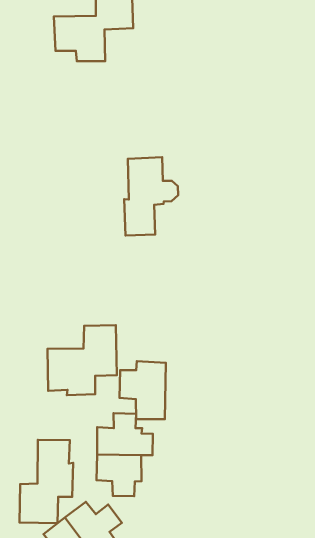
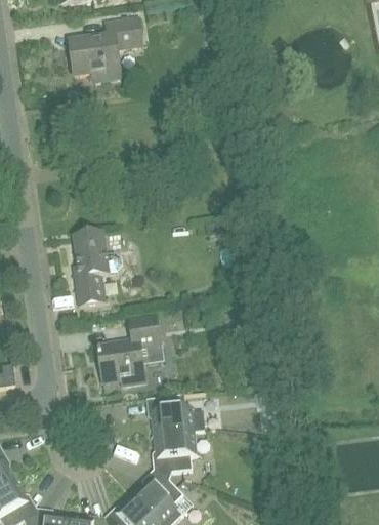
building: [124,157,178,235] -> [72,232,121,307]
building: [120,361,166,419] -> none
building: [19,440,73,523] -> none

